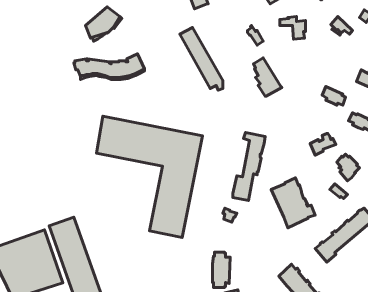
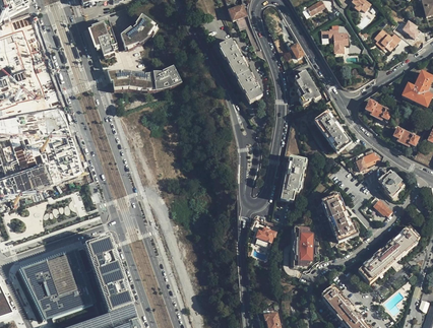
building: none -> [90,24,118,69]
building: none -> [315,111,350,149]
building: [97,116,203,237] -> none
building: [213,252,230,287] -> [294,229,312,266]

